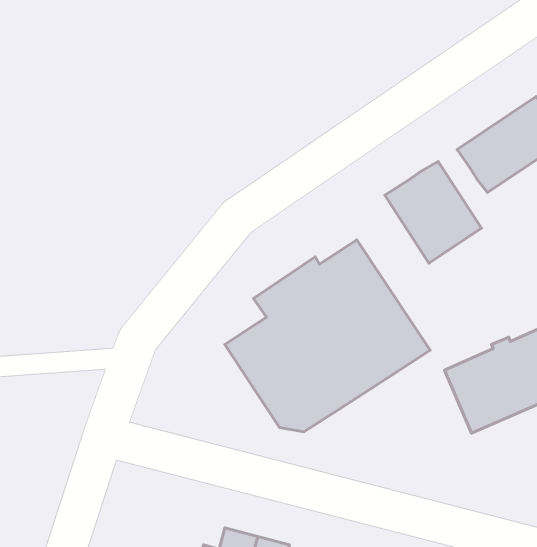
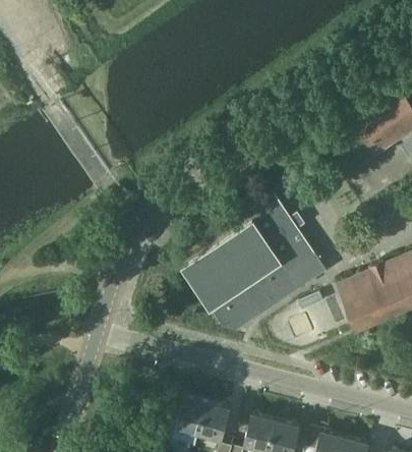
building: [385,161,482,263] -> none

